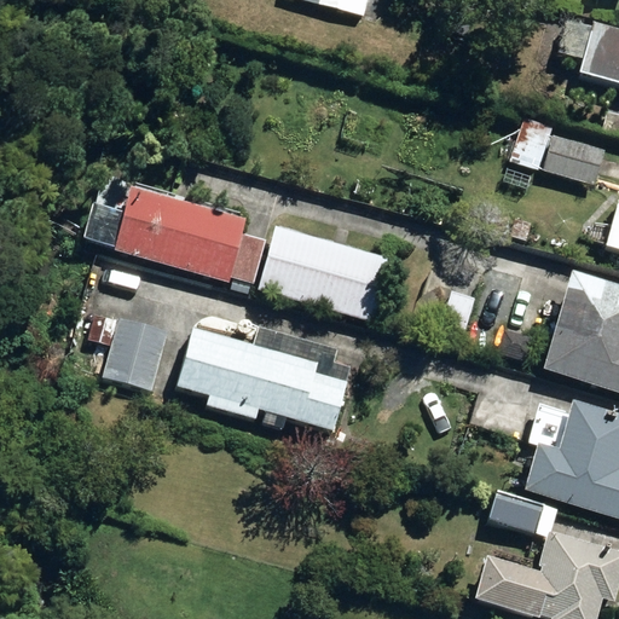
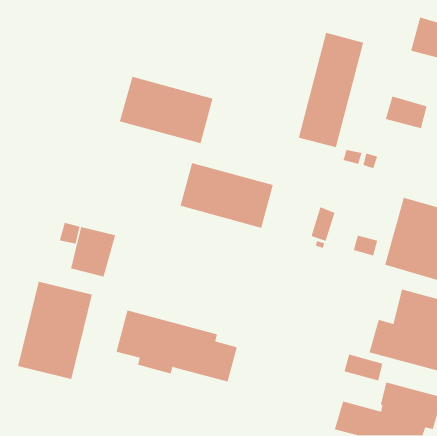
building: none -> [298,32,364,148]
building: [114,185,245,280] -> [119,76,213,144]
building: [175,328,346,429] -> [116,310,238,382]
building: none -> [17,281,93,380]

